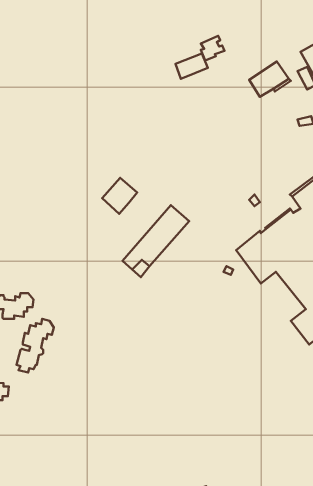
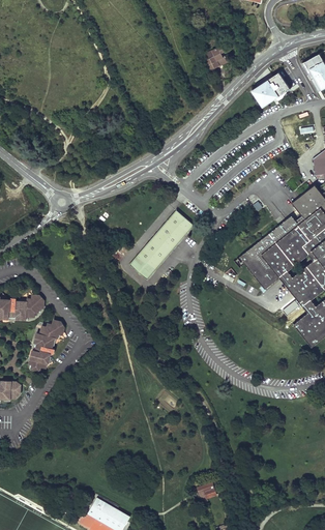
building: [175,53,208,79] -> none
building: [102,178,137,214] -> none

